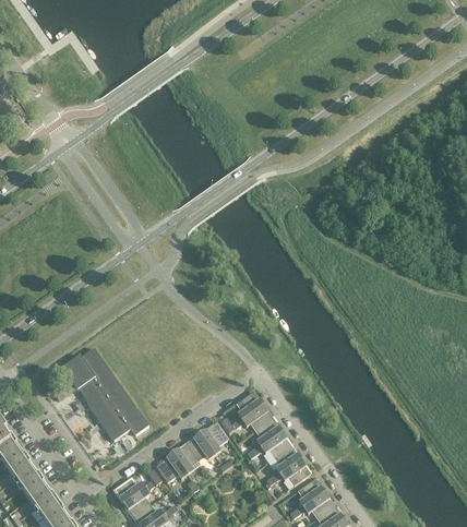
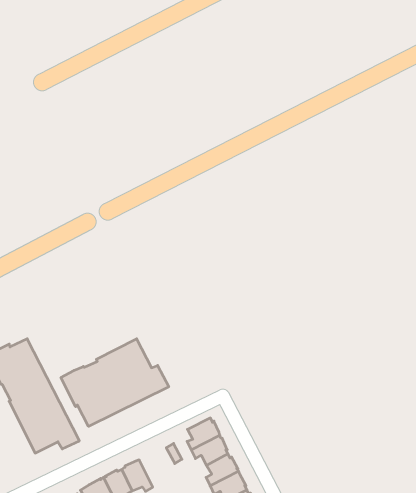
building: none -> [61,339,169,426]
building: [200,422,228,455] -> none

